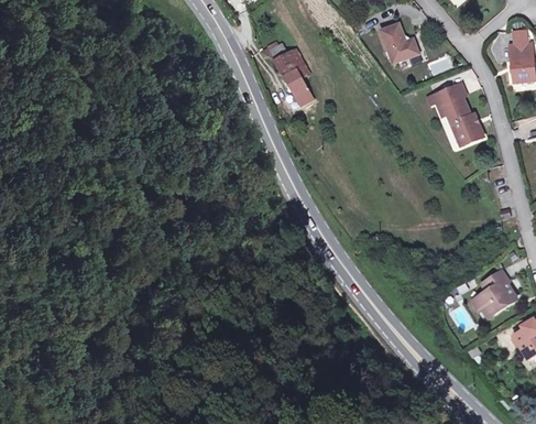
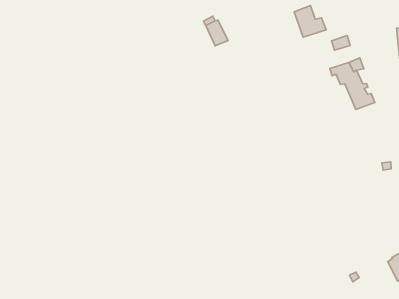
building: [284,72,313,106] -> none
building: [470,272,514,319] -> none

